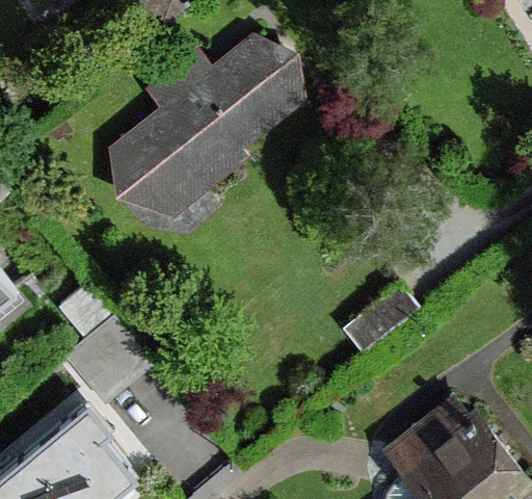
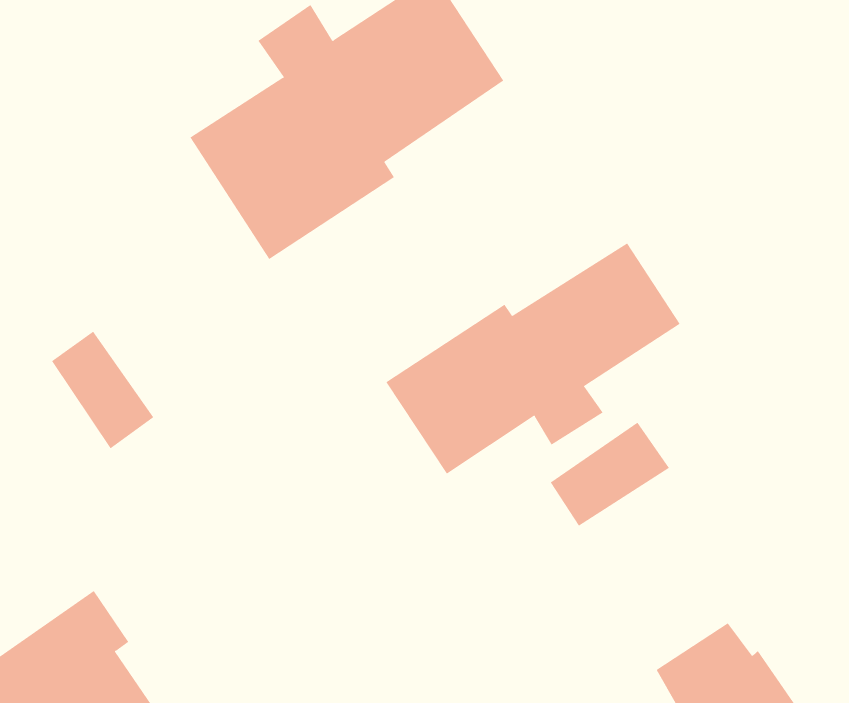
building: none -> [386,243,681,474]

